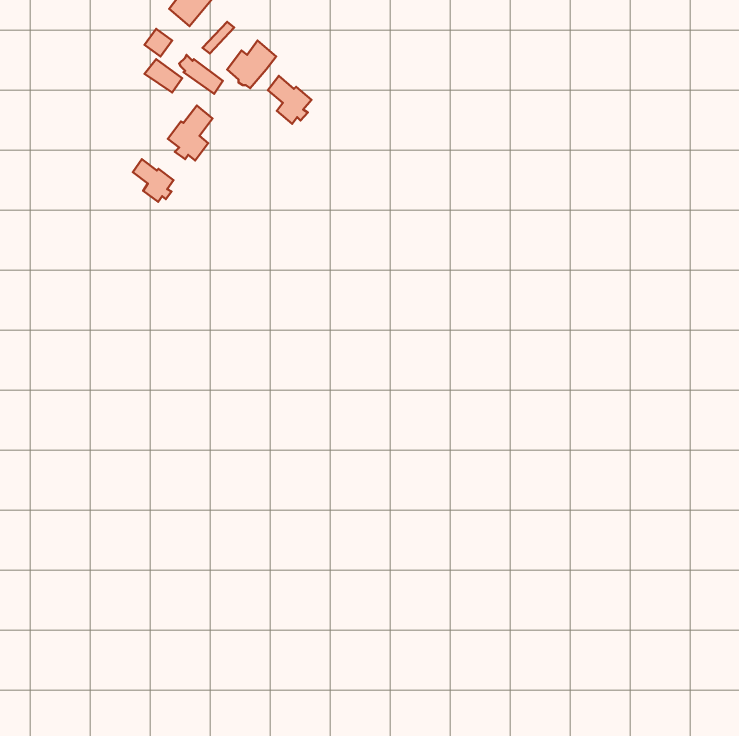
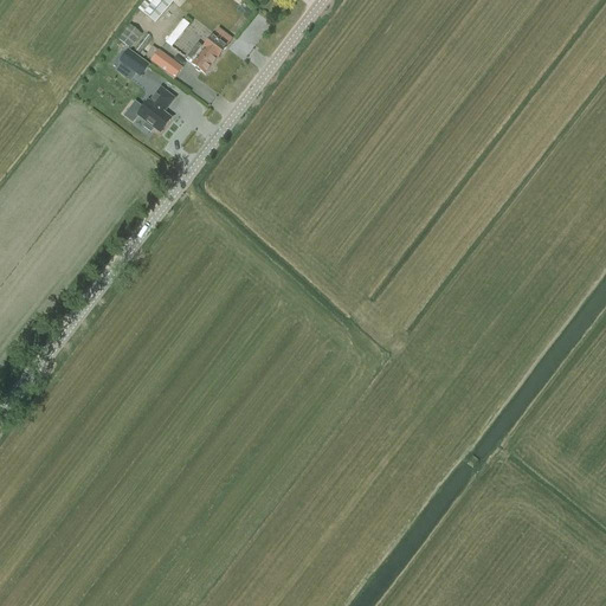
building: [268,76,311,124] -> none
building: [133,159,174,202] -> none

